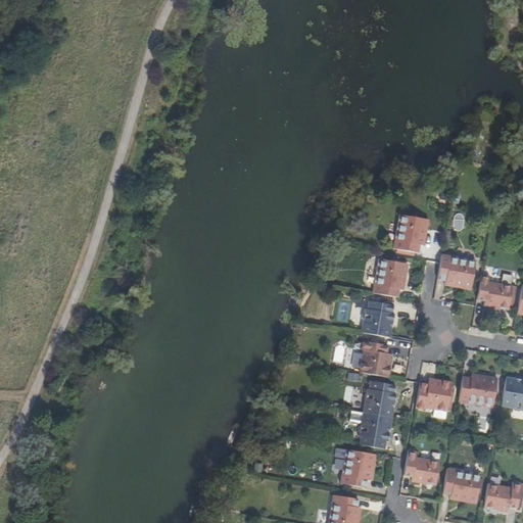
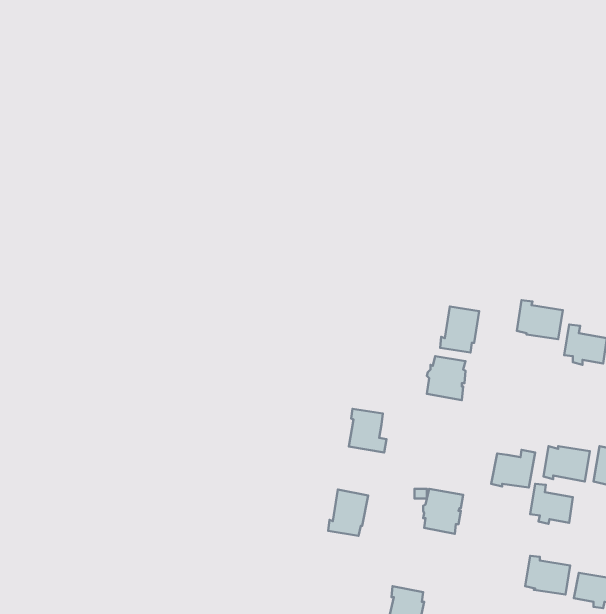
building: [393,215,427,252] -> none
building: [360,340,391,377] -> [349,409,387,452]
building: [364,380,396,417] -> none
building: [340,448,374,487] -> [328,489,368,536]
building: [405,449,440,483] -> [530,484,573,524]

